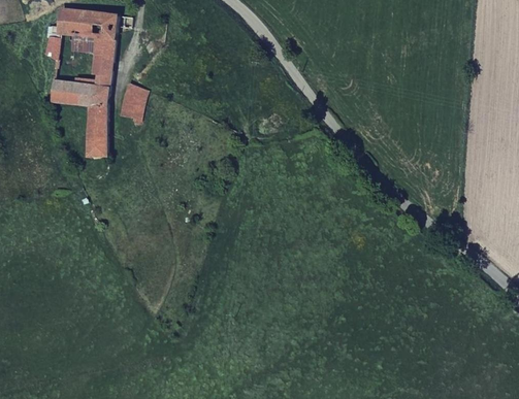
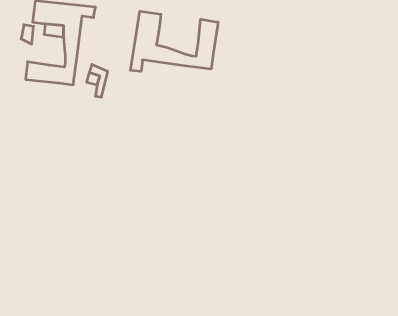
building: none -> [130,11,218,71]
building: [86,104,105,156] -> none

